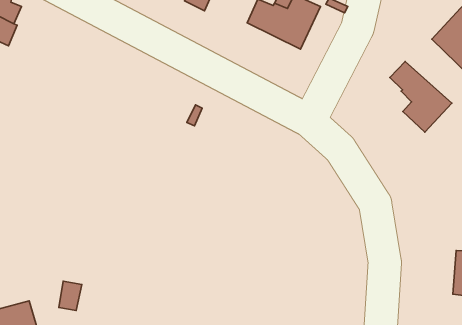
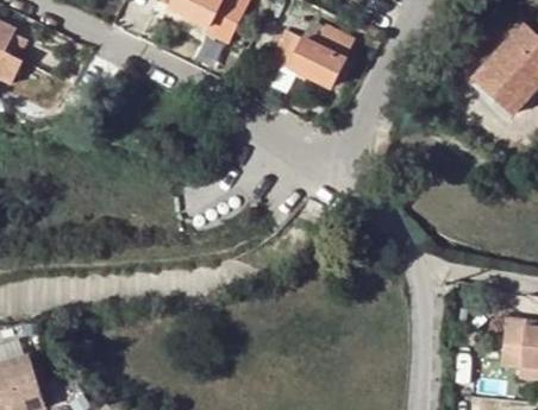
building: [390,61,452,132] -> none

